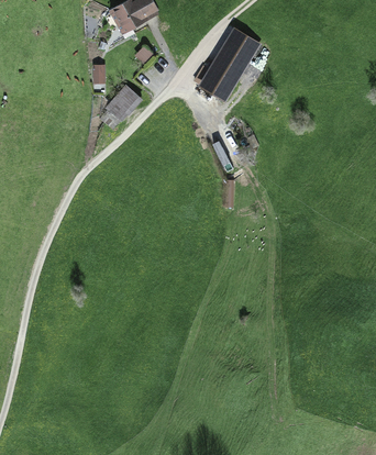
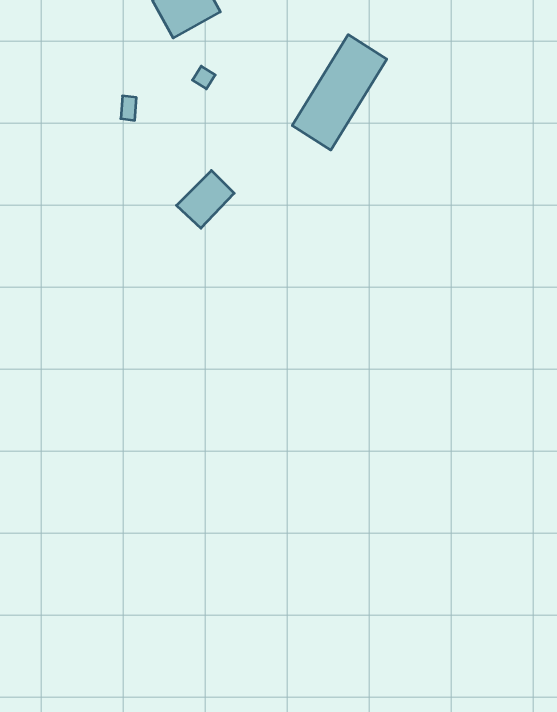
building: [102,85,139,121] -> [176,170,234,228]

